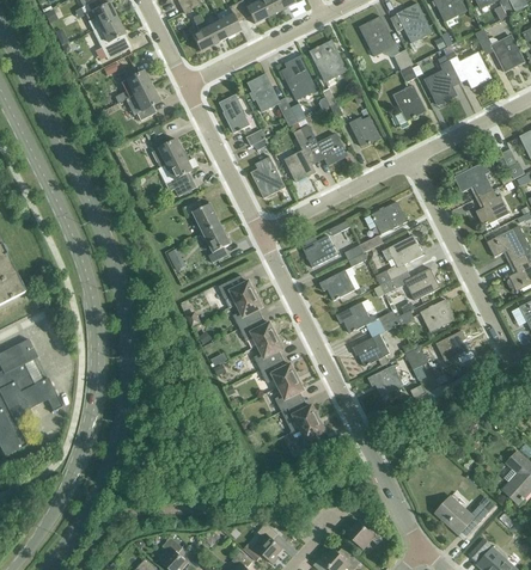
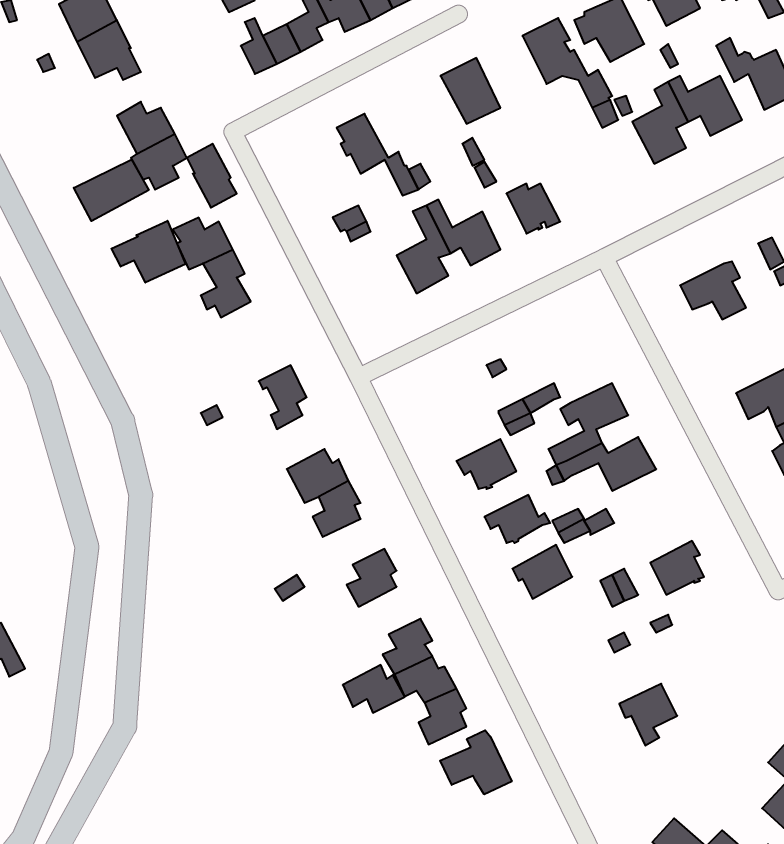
building: [282,61,313,99] -> none
building: [393,85,426,123] -> none
building: [219,94,249,133] -> [187,144,237,208]
building: none -> [74,159,149,221]
building: none -> [111,221,185,283]
building: [250,157,285,197] -> none
building: [475,190,508,226] -> none
building: [183,200,220,234] -> none
building: [364,202,407,233] -> none
building: [303,234,337,266] -> none
building: [420,299,456,331] -> none
building: [239,317,276,344] -> none
building: [261,357,298,386] -> [343,665,405,713]
building: [368,364,403,402] -> [619,684,677,746]
building: none -> [440,730,512,794]

